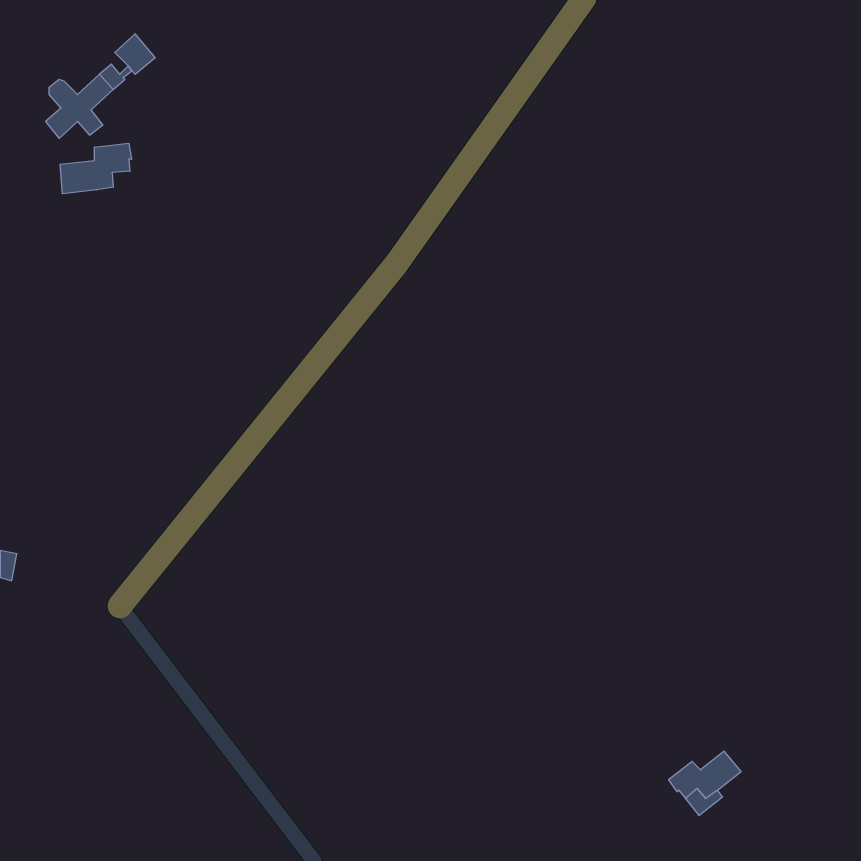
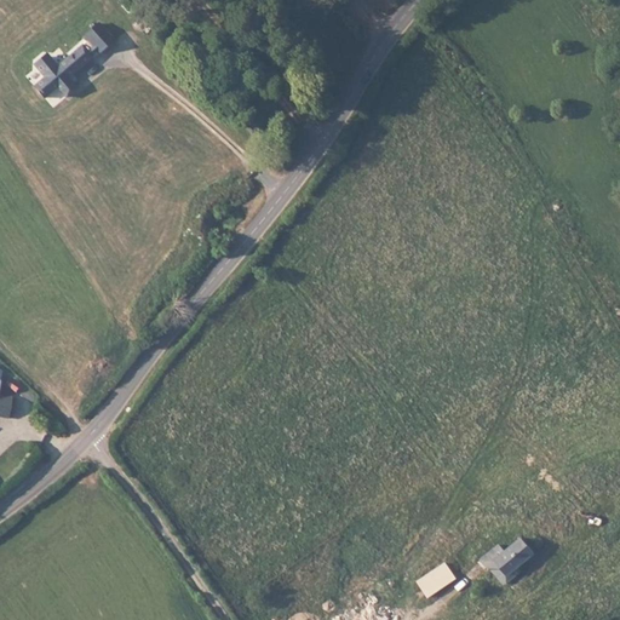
building: [60,143,132,194] -> none
building: none -> [418,562,455,595]

